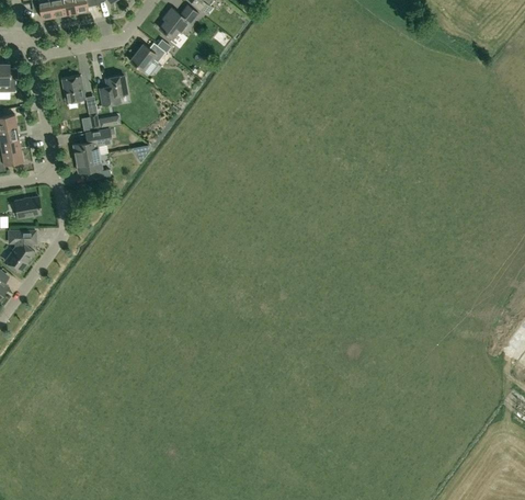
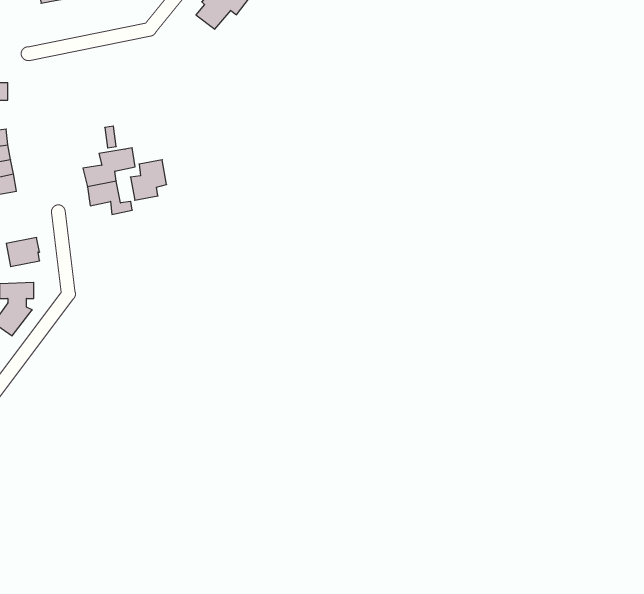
building: [129,42,166,70] -> none
building: [100,75,127,105] -> [130,160,167,200]
building: [62,76,84,102] -> none

